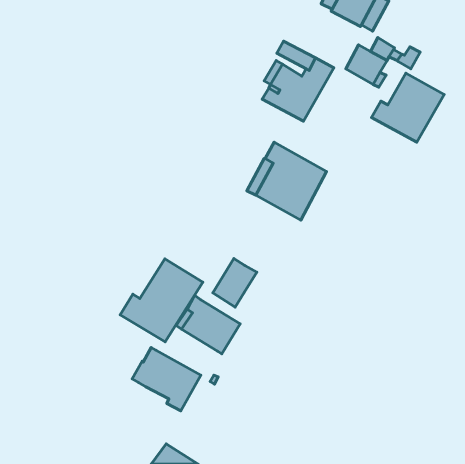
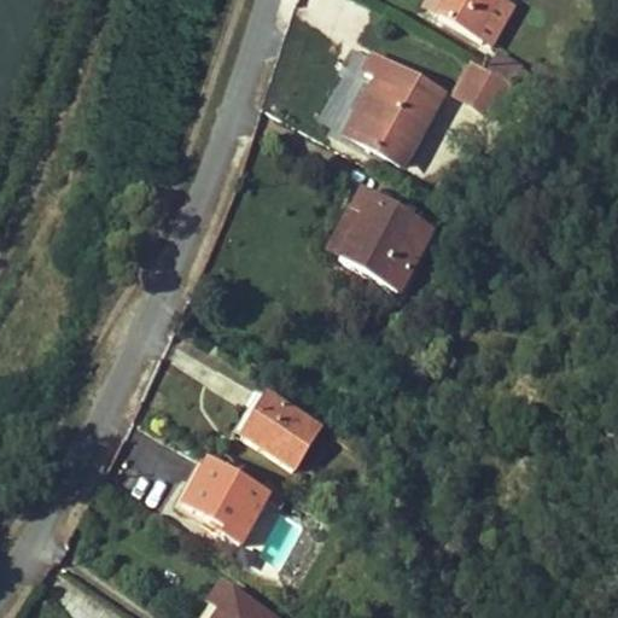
building: [372,73,444,142] -> none
building: [213,259,257,307] -> none
building: [120,259,203,342] -> none

